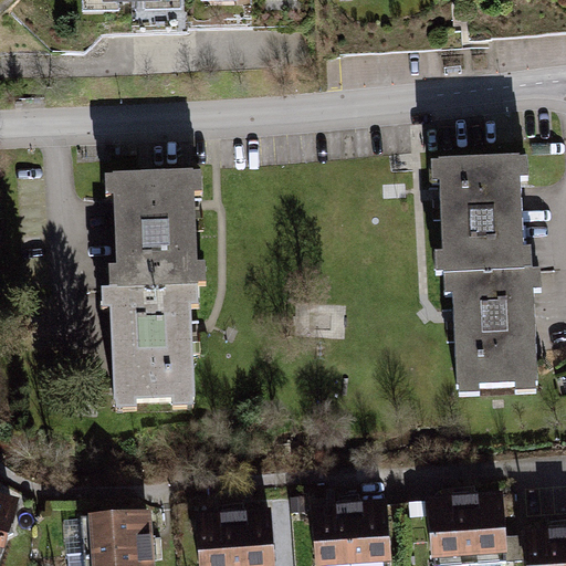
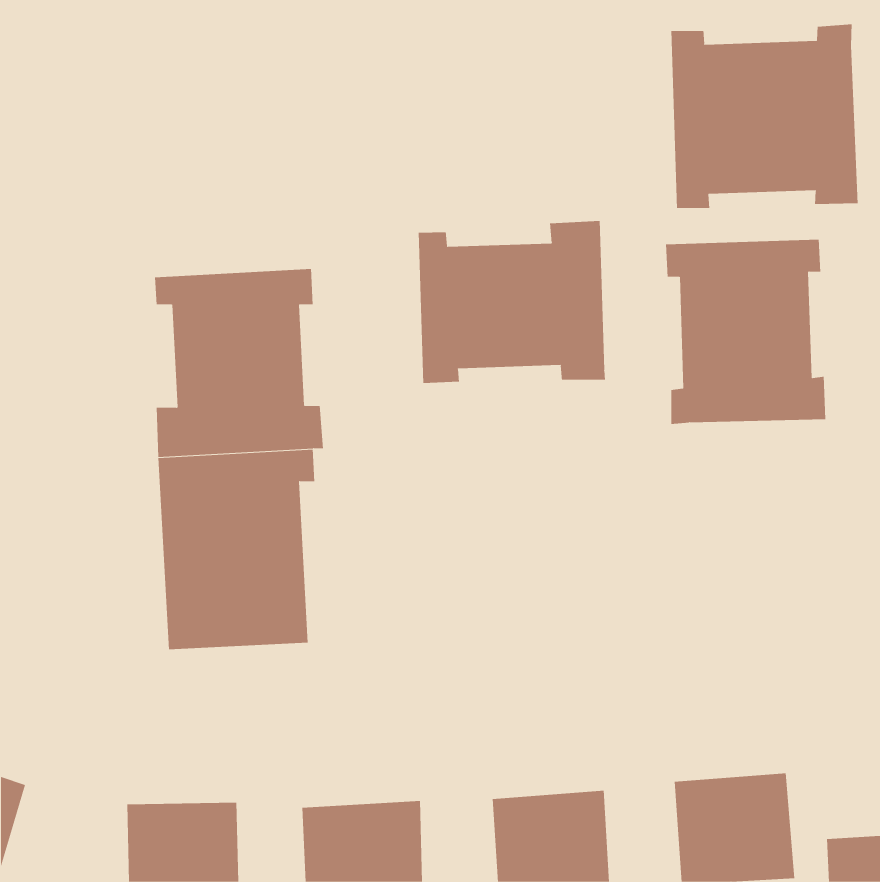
building: none -> [671,24,858,209]
building: none -> [418,220,606,384]
building: [443,266,541,396] -> none

